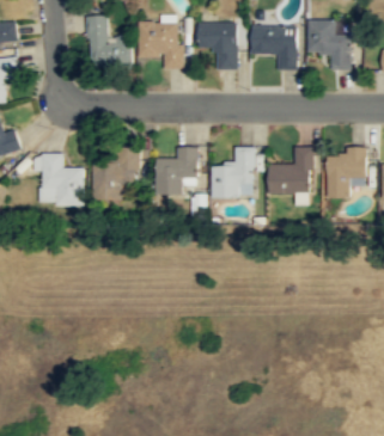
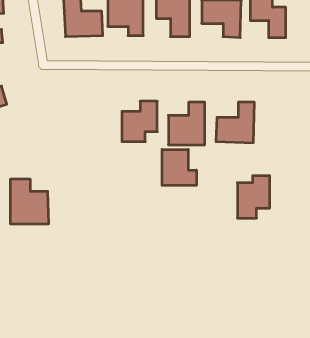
building: [93,146,140,198] -> none
building: [328,148,366,198] -> [237,176,270,218]
building: [39,153,85,205] -> [10,179,49,224]
building: none -> [162,149,196,185]

